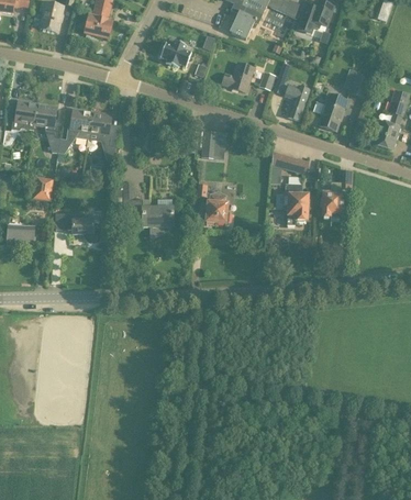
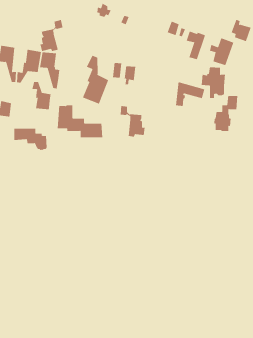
building: [222,62,254,91] -> none
building: none -> [40,19,63,52]
building: none -> [82,55,109,105]
building: none -> [32,81,51,110]
building: [276,182,309,224] -> [201,67,226,98]

